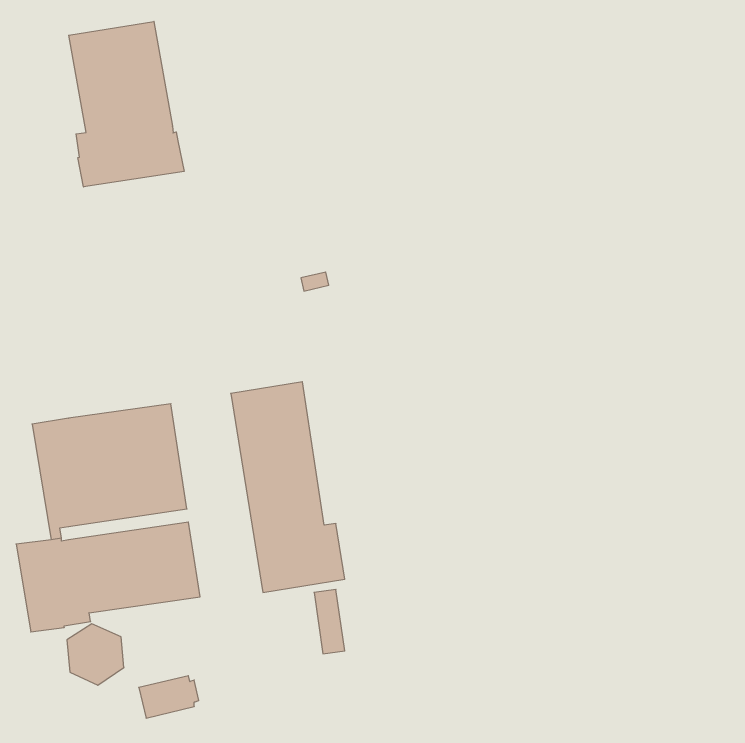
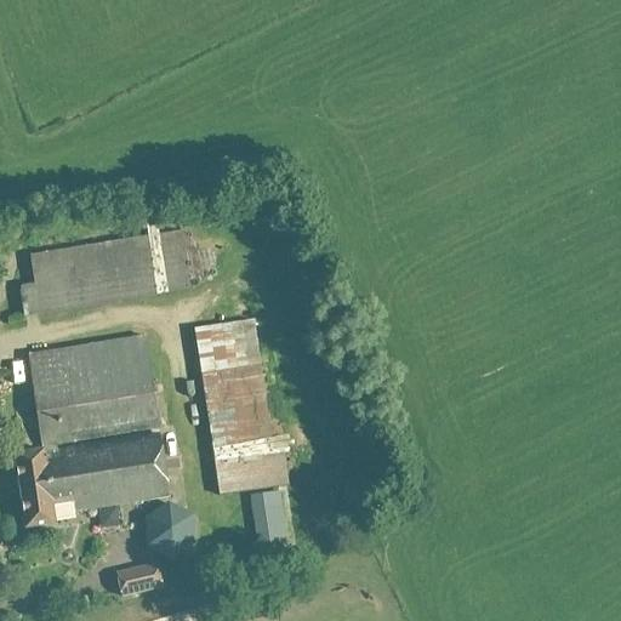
building: [69,21,184,187] -> none
building: none -> [18,218,216,314]
building: [67,624,124,685] -> [148,502,195,553]

